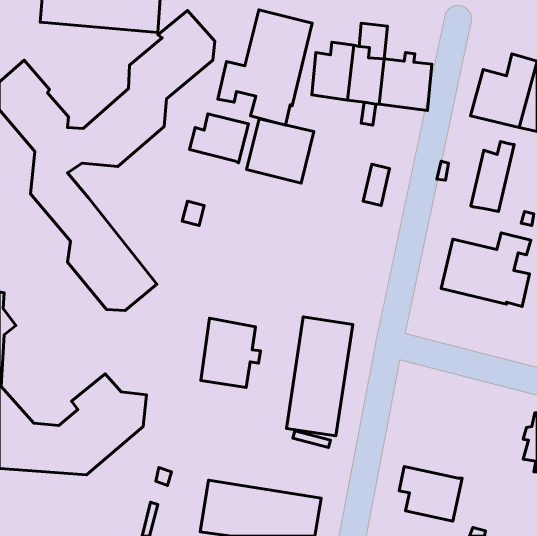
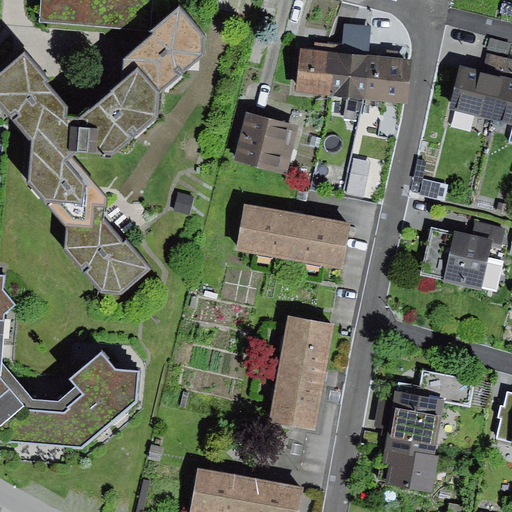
building: [218,10,312,125] -> none
building: [190,114,248,163] -> none
building: [471,142,514,212] -> none
building: none -> [237,194,352,258]
building: [201,318,260,387] -> none
building: none -> [384,371,475,454]

